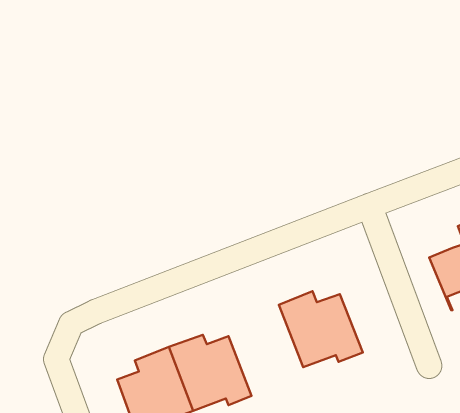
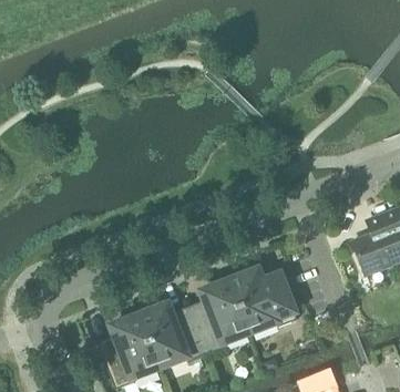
building: none -> [189,279,250,353]

